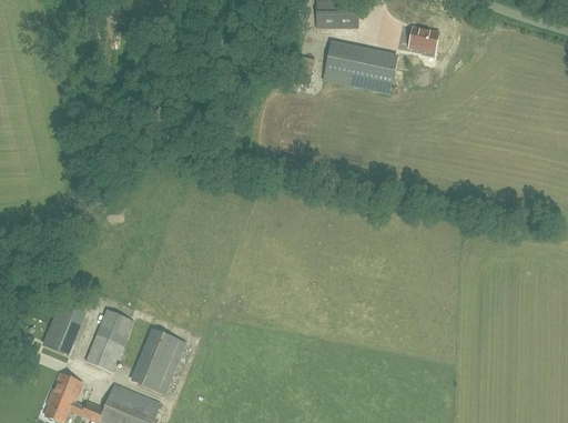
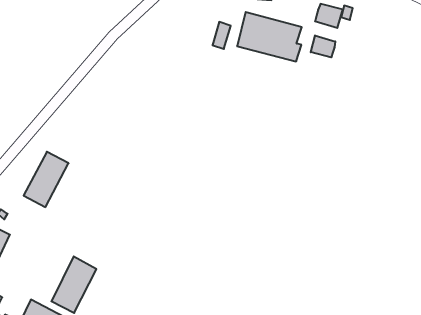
building: none -> [311,35,335,57]
building: [85,309,133,371] -> [24,152,69,207]

